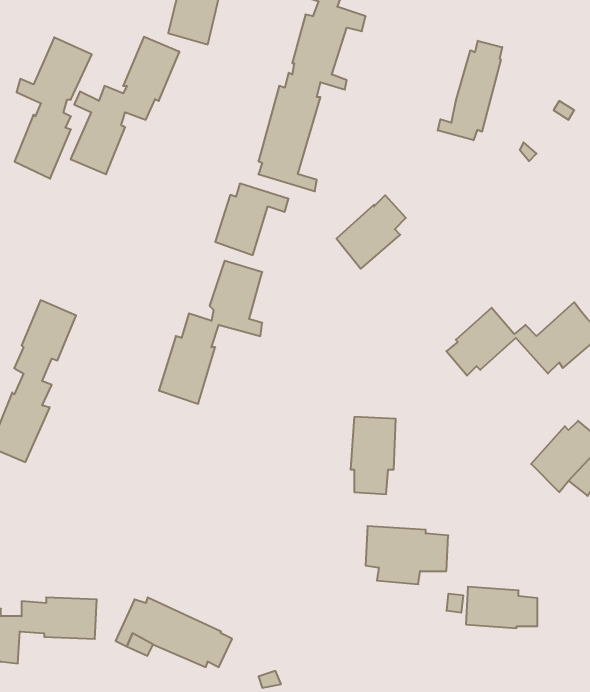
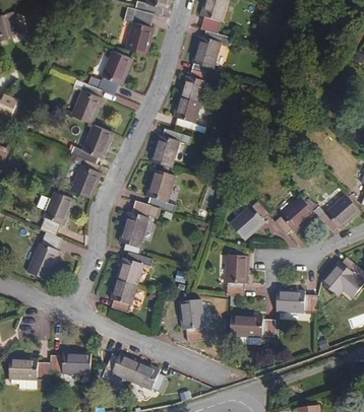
building: [15,37,92,179] -> [72,123,114,199]
building: [438,41,502,140] -> none
building: [336,195,406,269] -> [233,199,270,238]
building: none -> [113,250,146,311]
building: none -> [183,298,204,339]
building: [466,587,537,628] -> [279,289,317,312]

